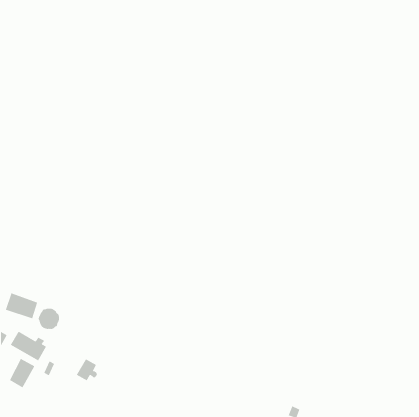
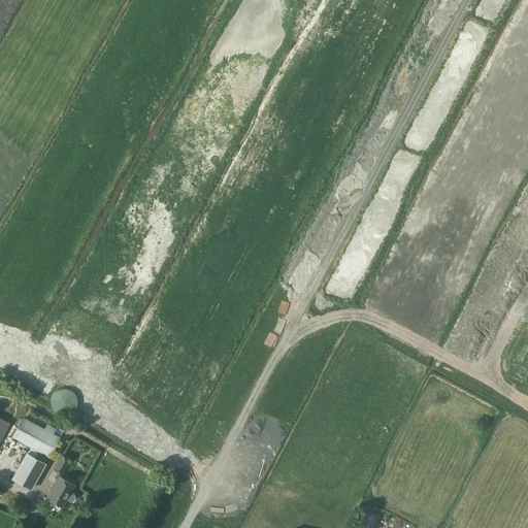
building: [5,292,38,319] -> none
building: [76,358,98,381] -> [47,477,75,506]

